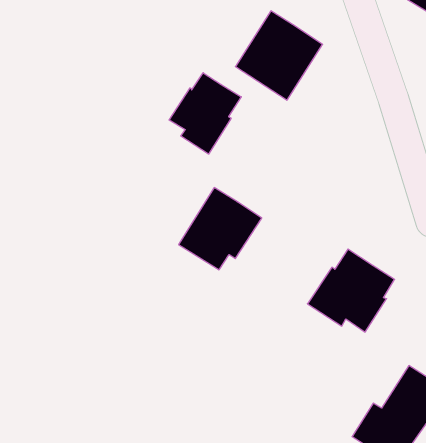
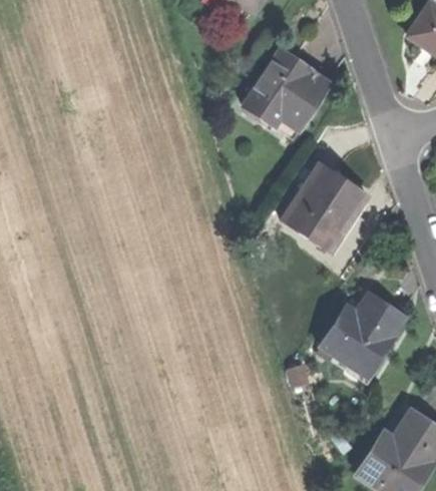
building: [169,73,241,154] -> none
building: [179,188,262,270] -> [283,166,365,248]

